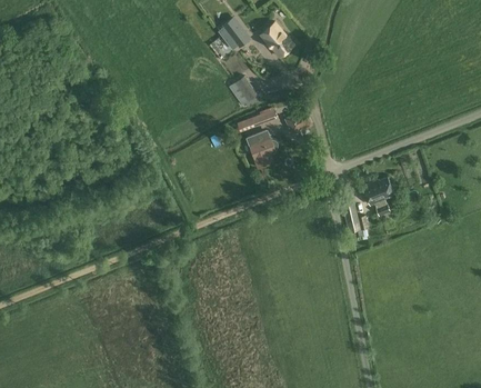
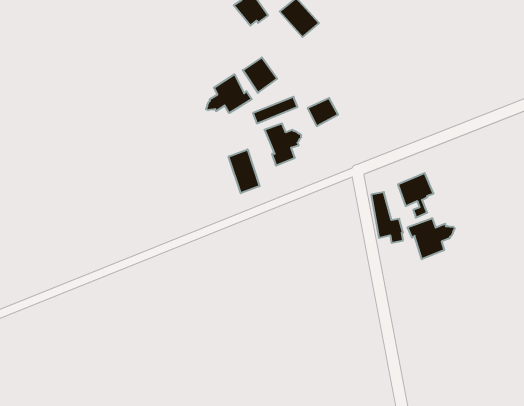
building: none -> [206,74,252,113]
building: none -> [229,149,260,193]
building: none -> [408,218,455,259]

